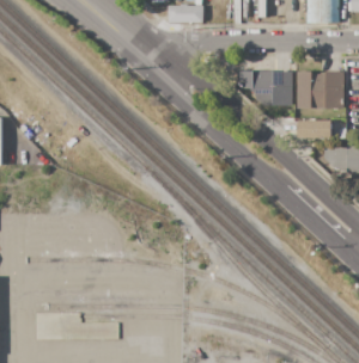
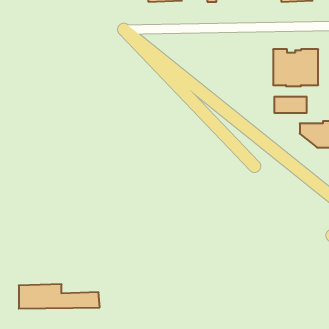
building: [237,72,292,106] -> none

